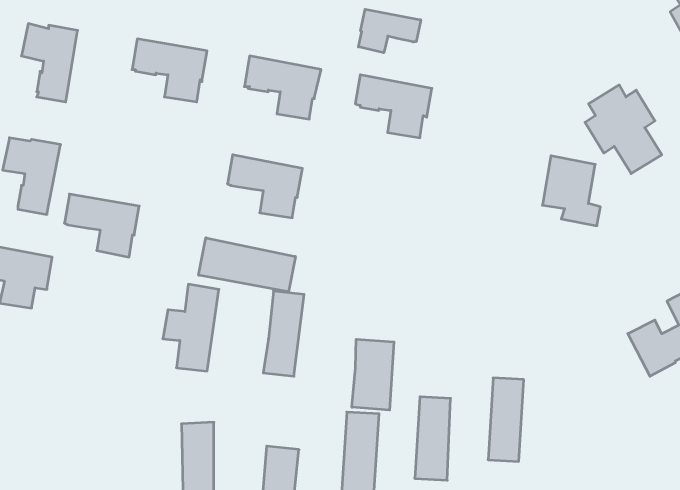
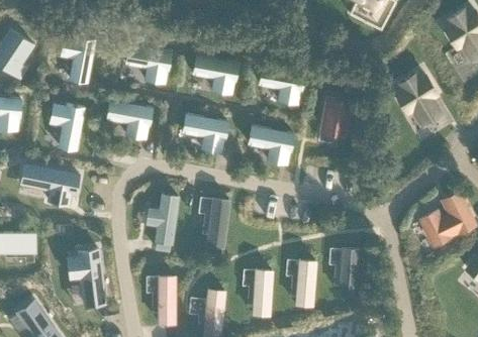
building: [358,9,421,53] -> none
building: [542,156,600,226] -> [320,99,355,140]
building: none -> [248,128,292,165]
building: [64,194,139,257] -> [106,103,151,140]
building: [199,238,295,292] -> none
building: [352,339,394,410] -> none
building: none -> [66,250,103,308]

